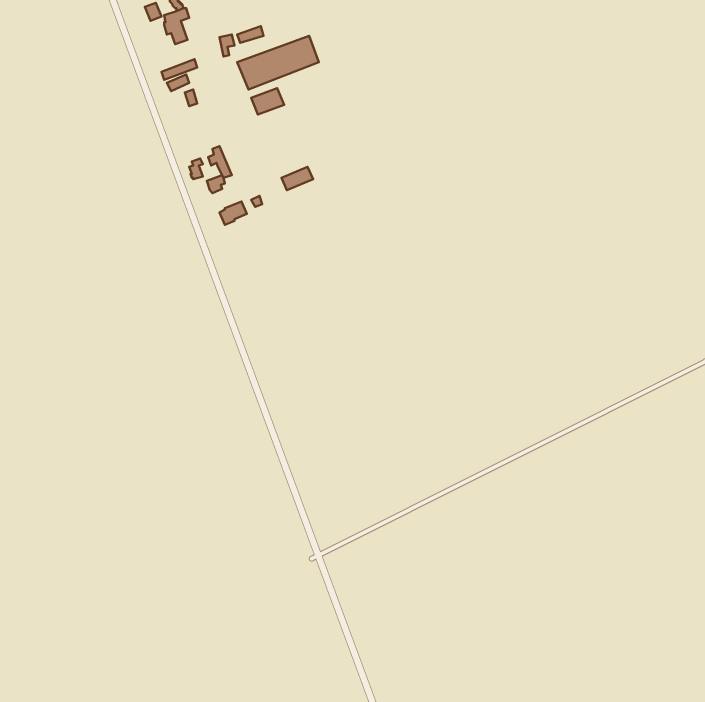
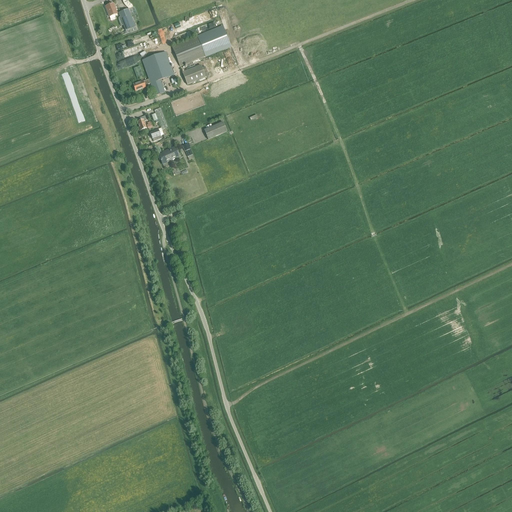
building: none -> [133,51,174,94]

